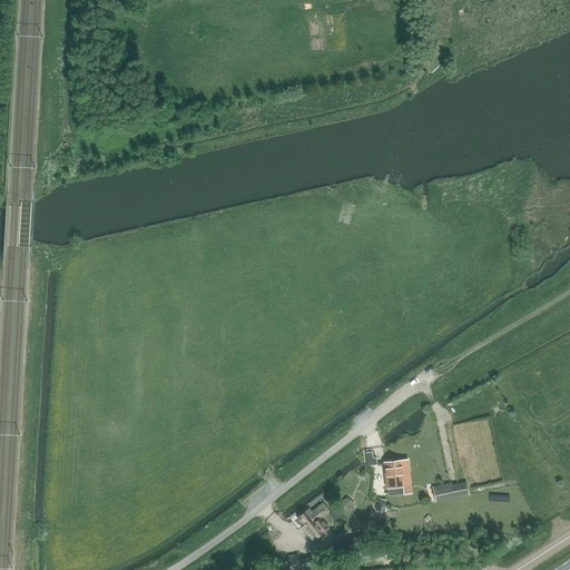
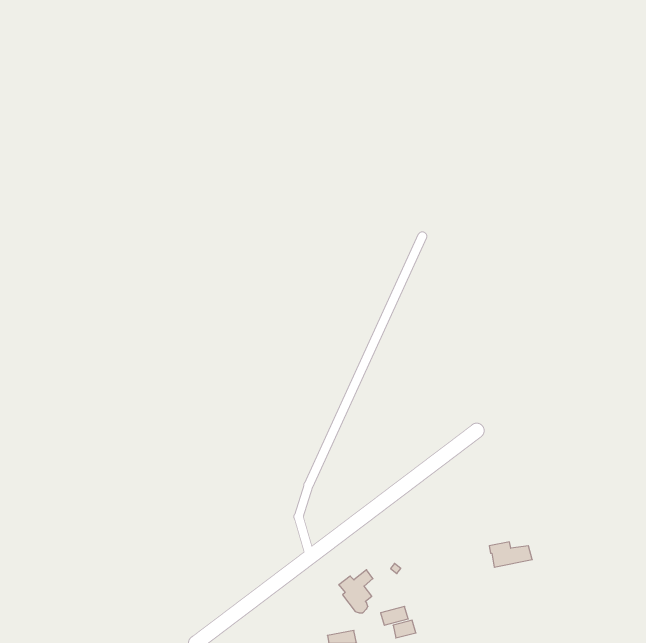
building: [384,459,409,494] -> none

